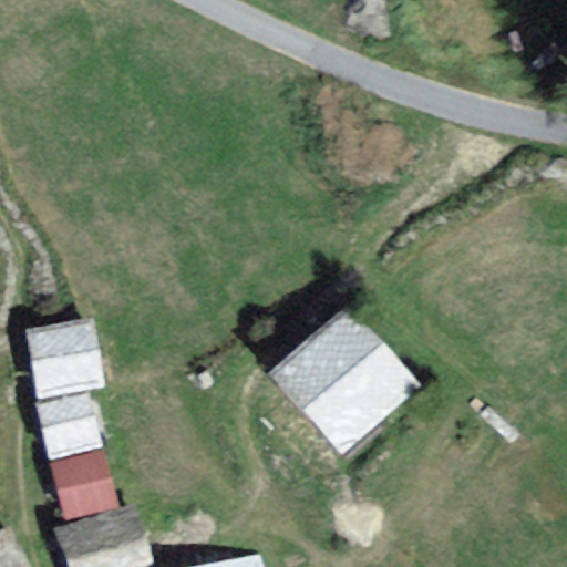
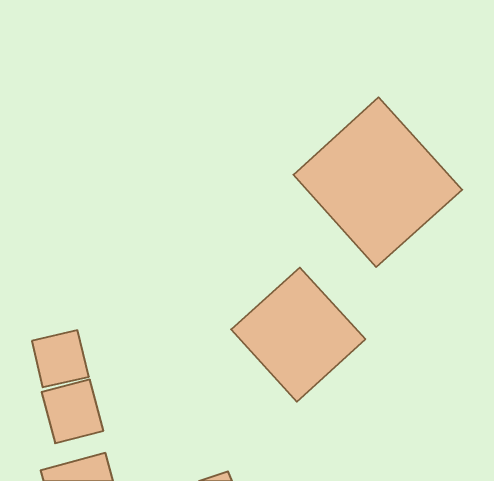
building: none -> [293,97,462,267]
building: [23,301,105,385] -> none

